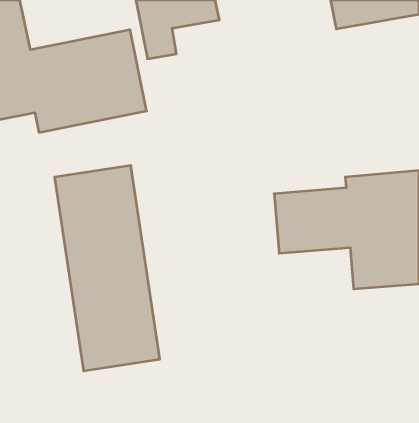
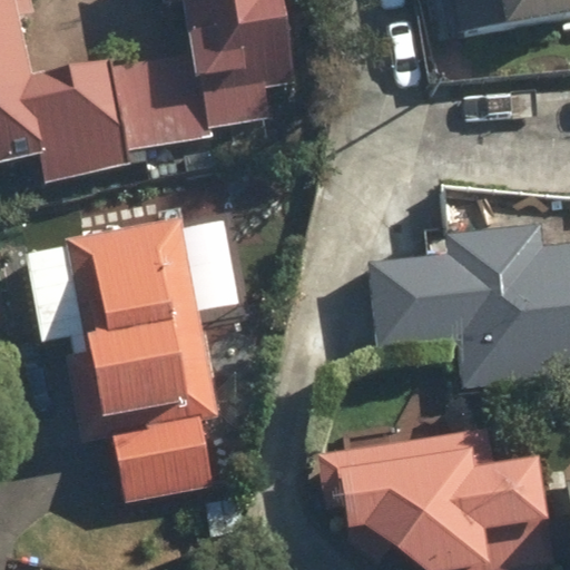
building: none -> [330,438,551,564]

